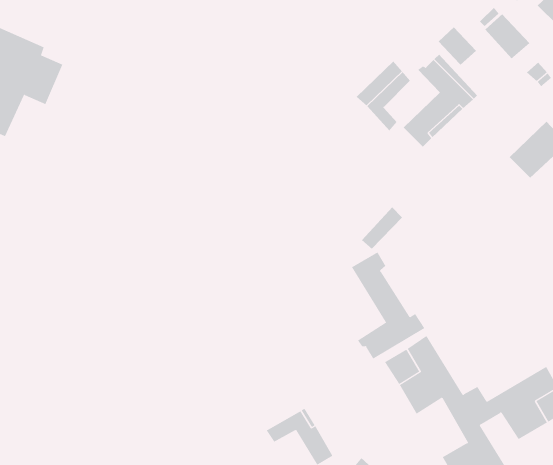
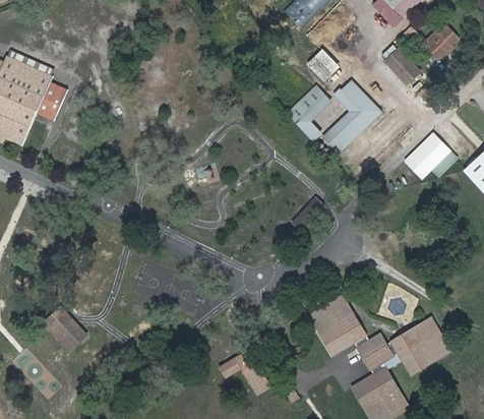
building: [438,27,477,66] -> [310,49,340,78]
building: [351,251,425,359] -> none
building: none -> [45,308,84,349]

